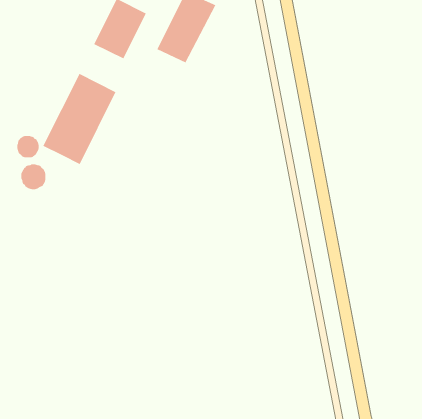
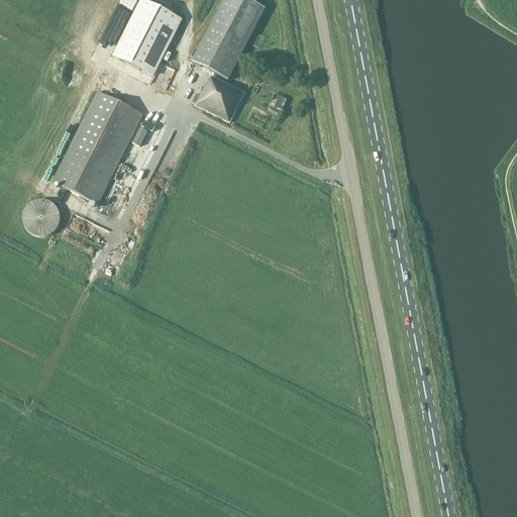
building: none -> [191,74,244,120]
building: [16,135,40,158] -> none

